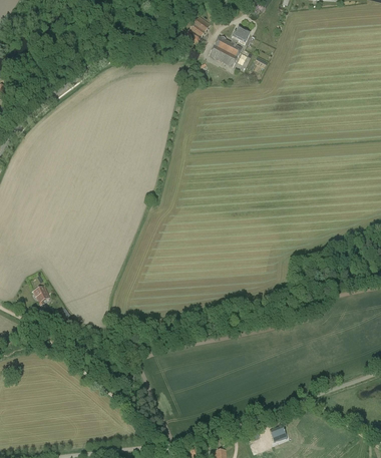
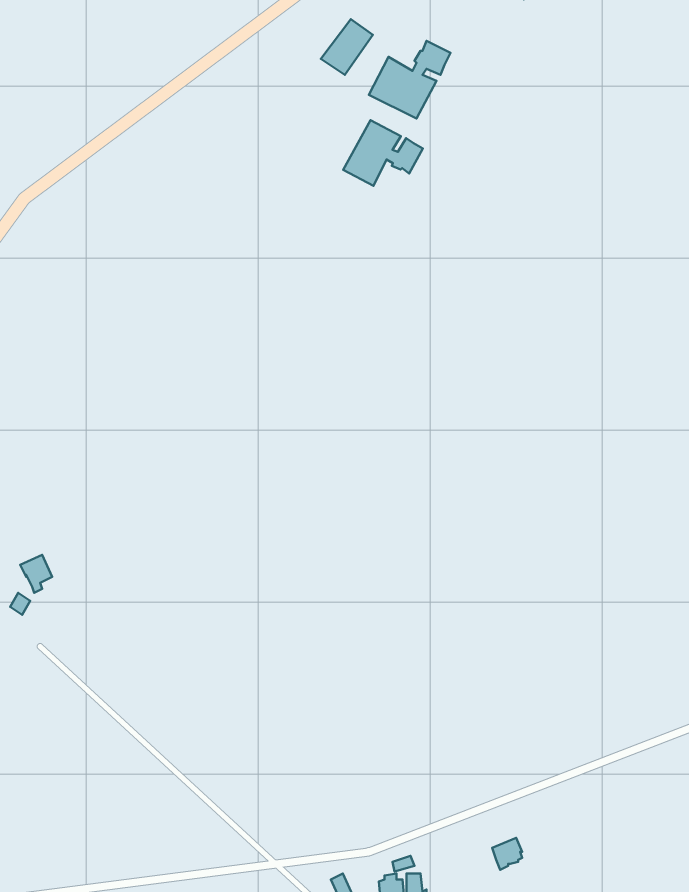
building: none -> [343,120,423,186]

